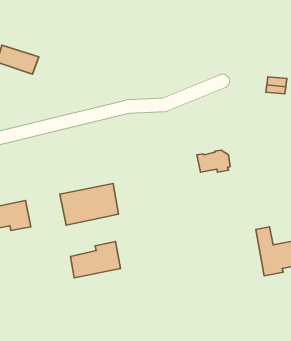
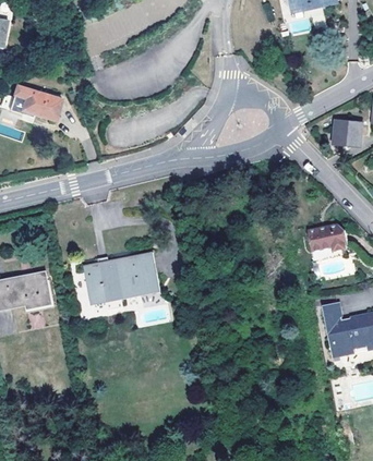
building: [197,150,230,172] -> [308,225,348,251]
building: [70,242,121,278] -> none

